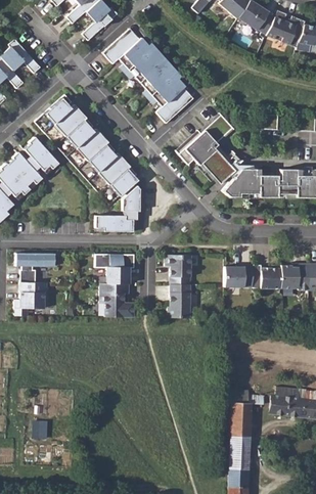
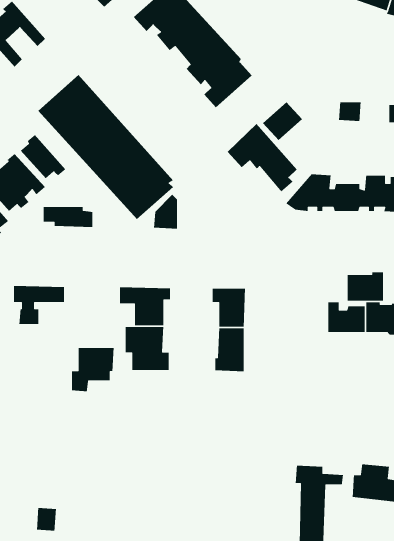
building: [95,215,133,231] -> [43,206,93,228]
building: [225,265,253,287] -> [347,272,384,302]
building: [15,282,48,316] -> [71,347,115,392]

